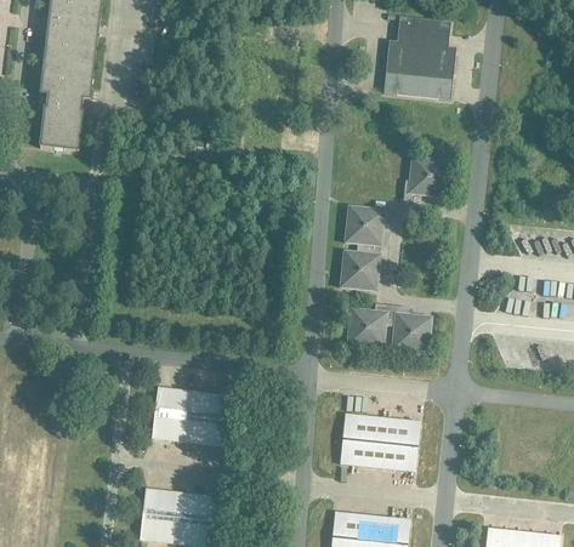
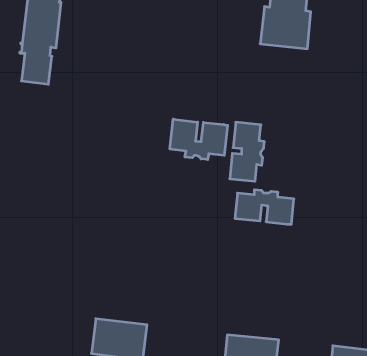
building: [403,156,448,201] -> none
building: none -> [170,119,228,160]
building: [152,387,232,446] -> none
building: [340,414,419,472] -> none

